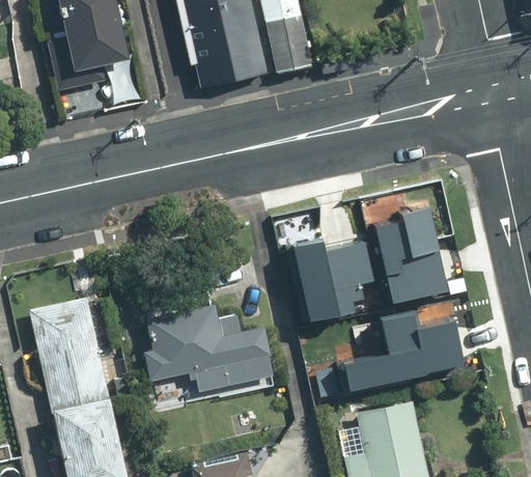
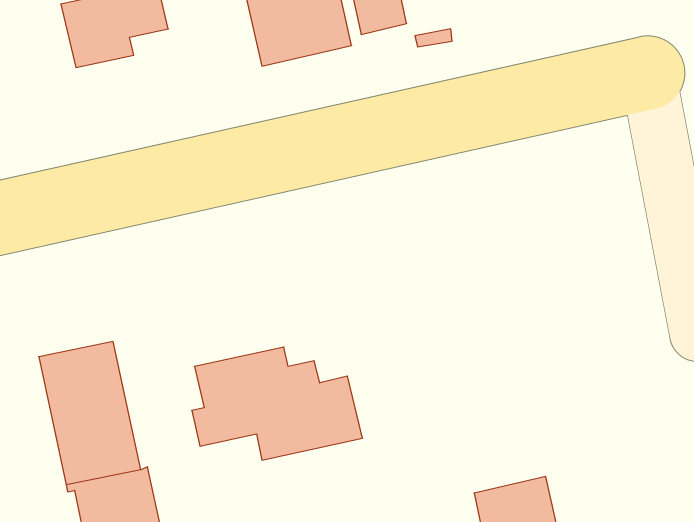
building: [368,206,441,299] -> none
building: [290,237,367,319] -> none
building: [338,310,456,387] -> none

